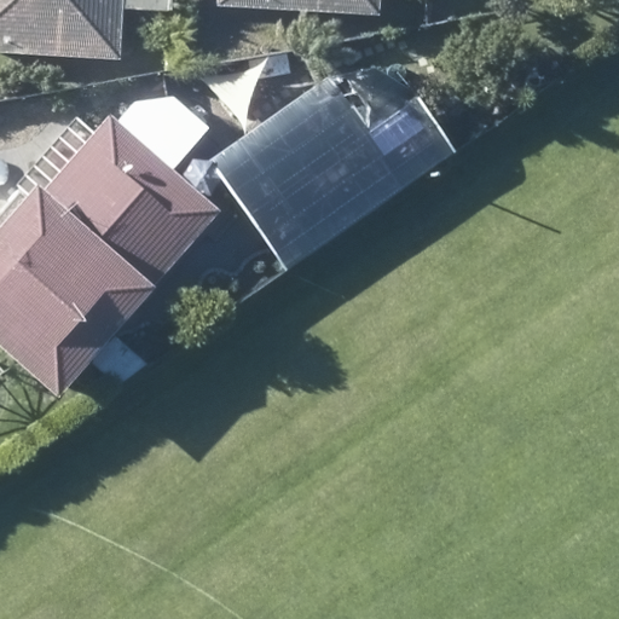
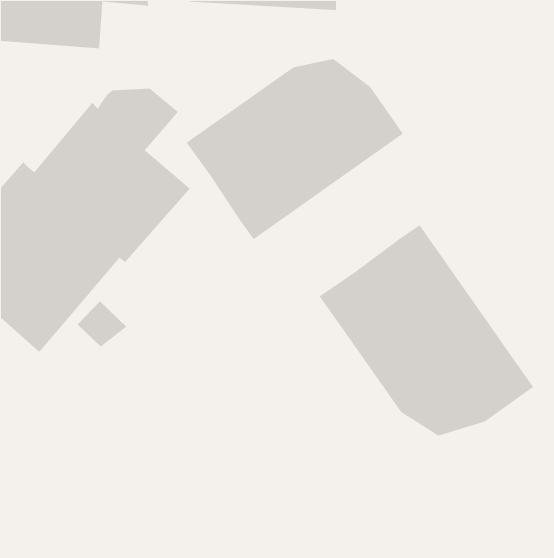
building: none -> [318,224,534,437]

